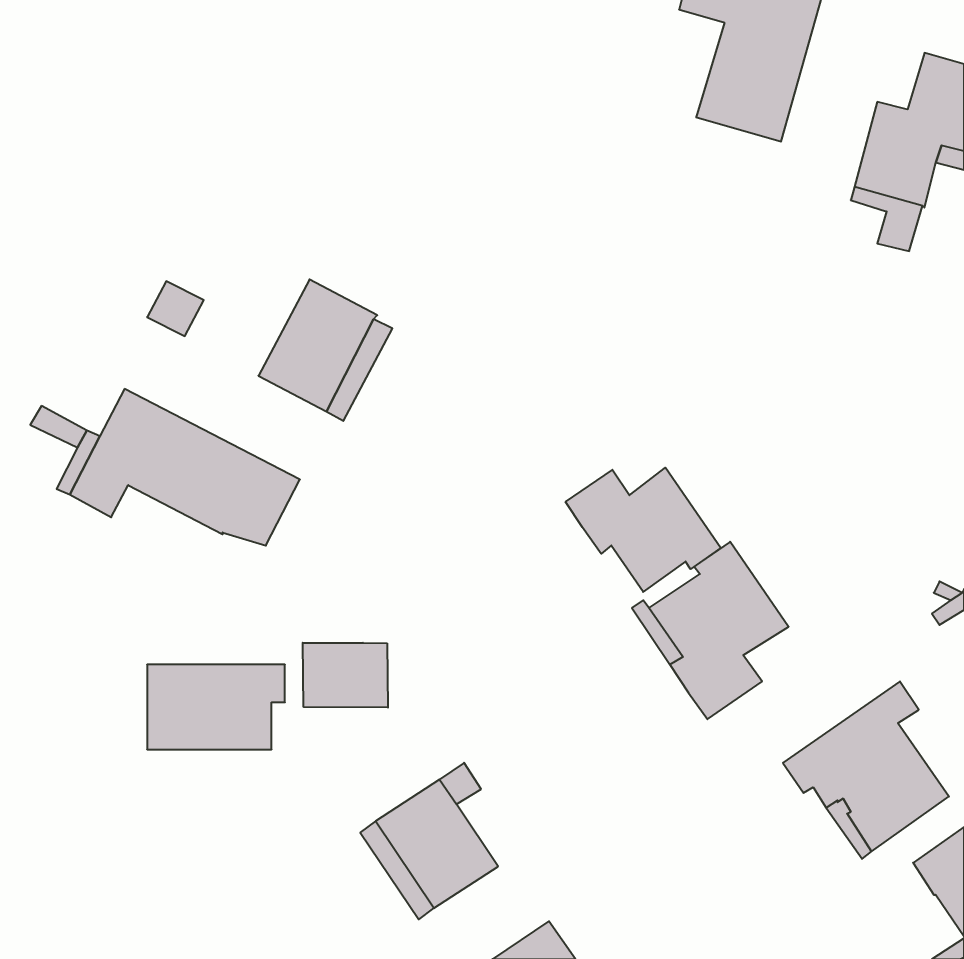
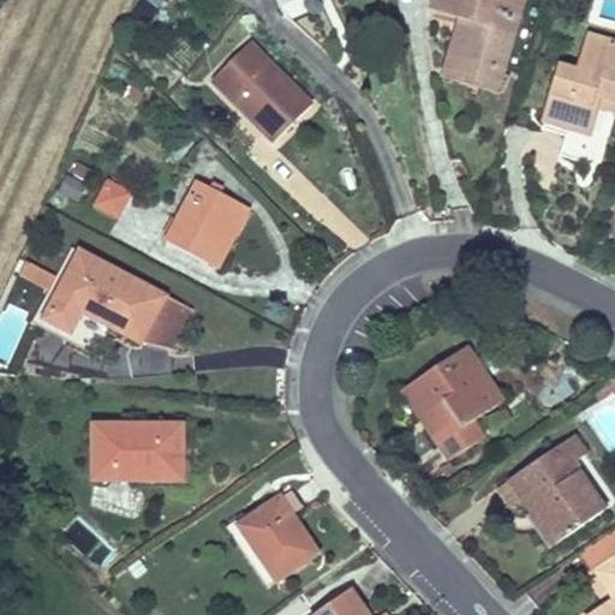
building: none -> [213,41,311,139]
building: [566,468,721,592] -> none
building: [303,643,388,708] -> none

